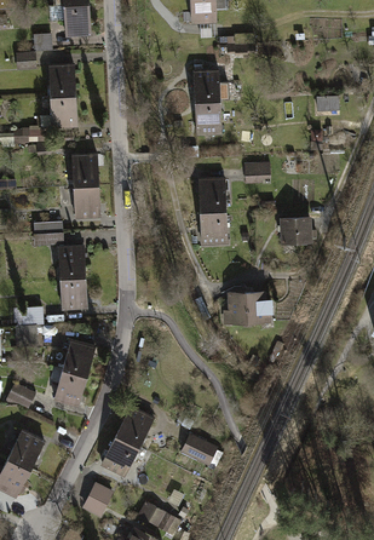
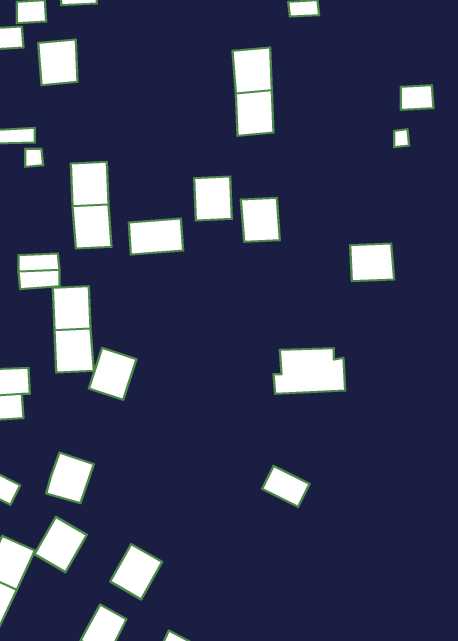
building: [50,94,77,128] -> none
building: [243,161,271,184] -> none
building: none -> [129,218,183,255]
building: [200,212,228,245] -> [194,177,232,221]
building: [63,339,98,378] -> [89,348,136,400]
building: [116,409,155,450] -> [34,517,87,572]
building: [182,436,217,466] -> [262,466,309,507]

